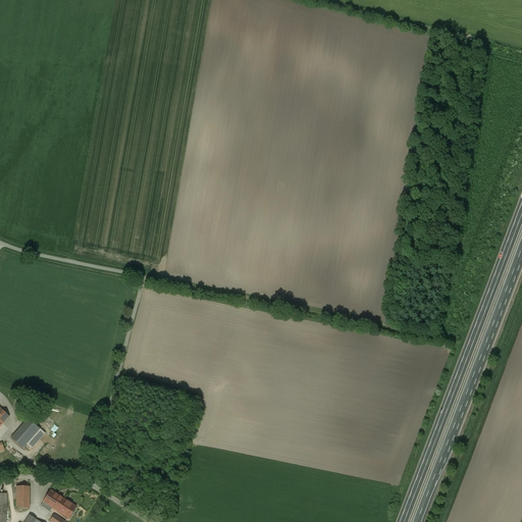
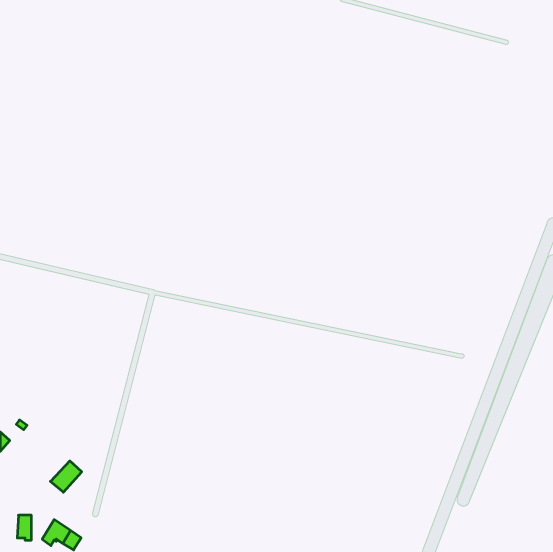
building: [10,418,40,448] -> [50,461,82,492]

